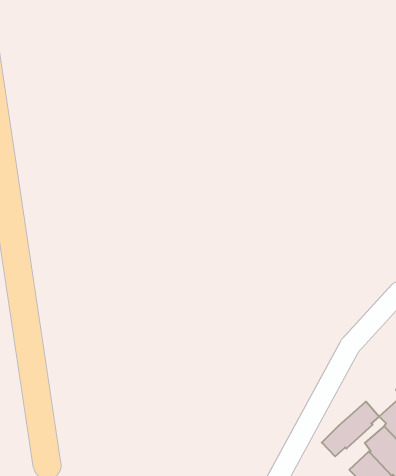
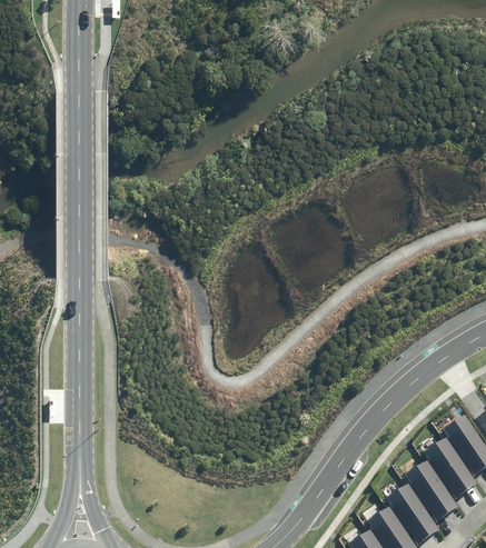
building: [322,402,379,456] -> none

